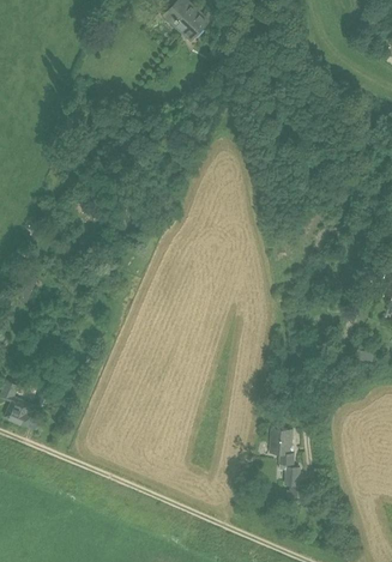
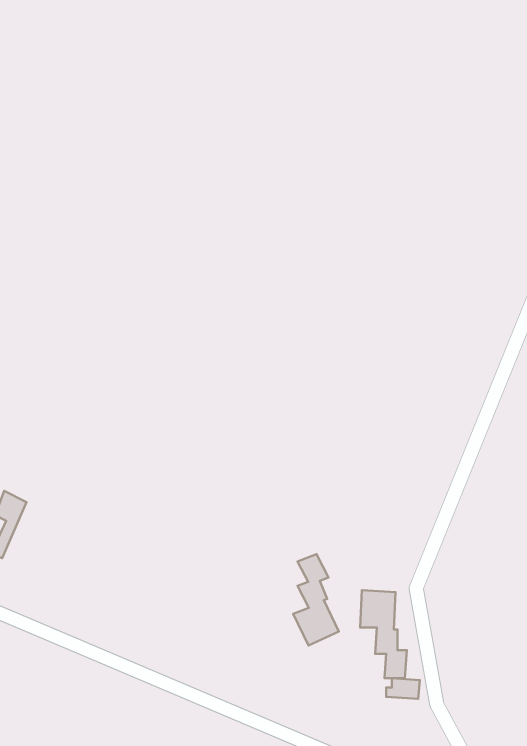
building: none -> [293,554,339,645]

